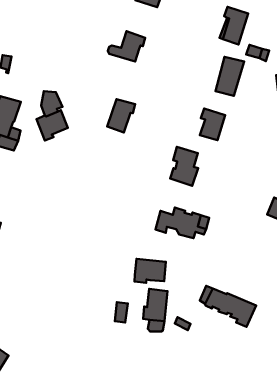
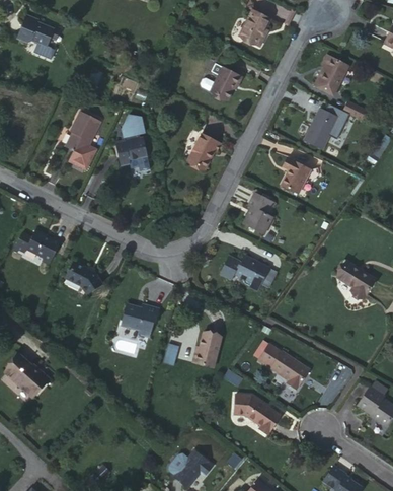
building: none -> [68,263,103,294]
building: [135,259,166,283] -> none
building: none -> [121,304,159,338]
building: none -> [234,392,280,433]

